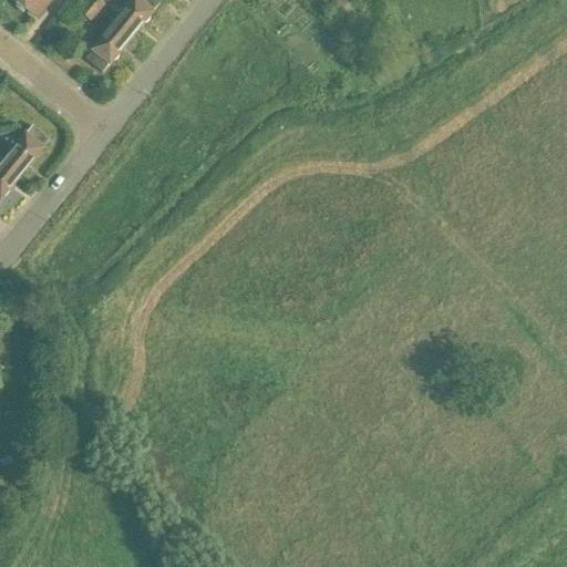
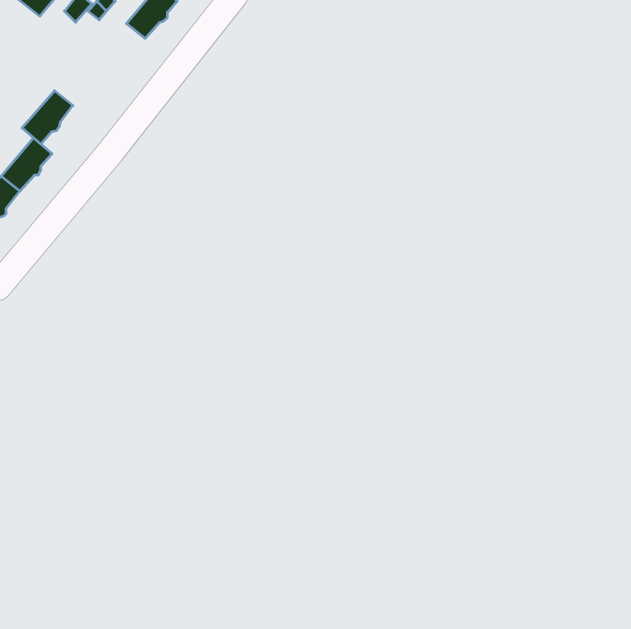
building: [84,21,130,69] -> [22,91,73,144]

